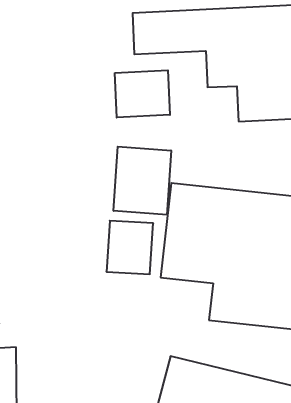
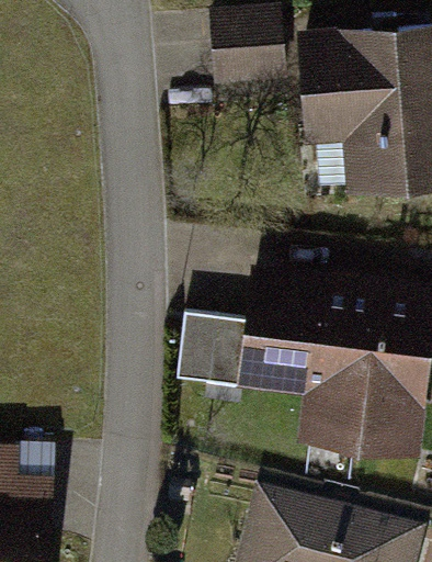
building: [115,70,170,118] -> none
building: [114,147,171,215] -> none

